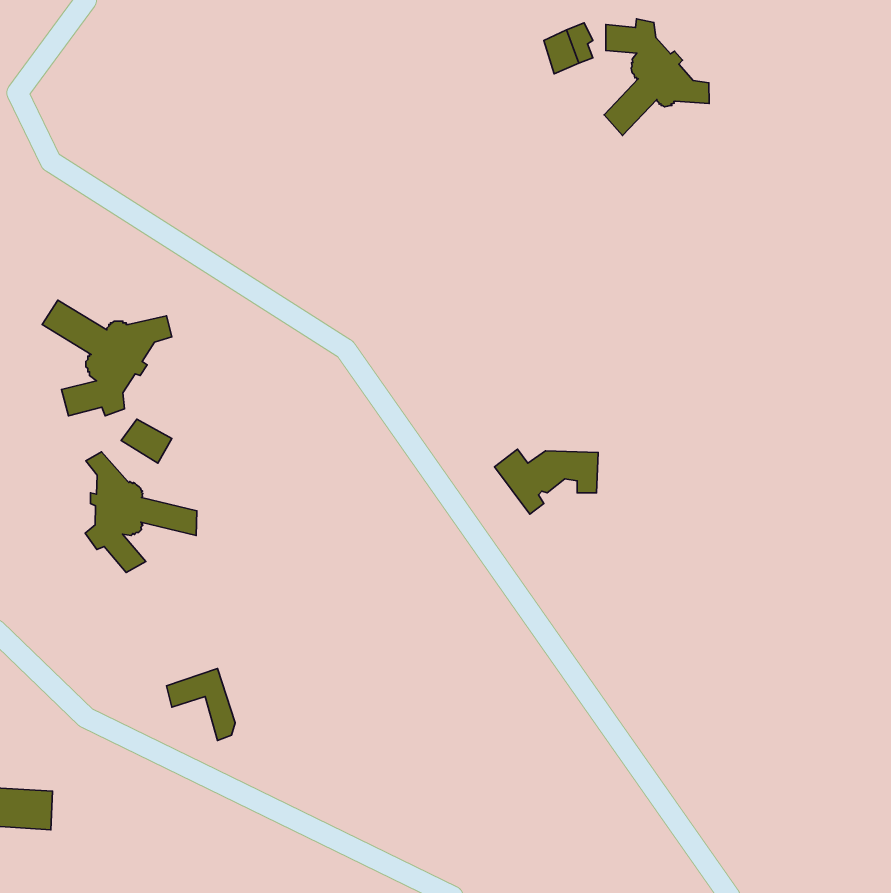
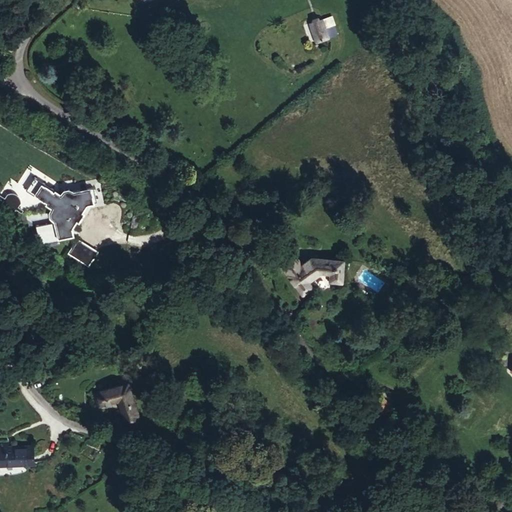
building: [604,19,709,135] -> none
building: [85,452,197,573] -> none

